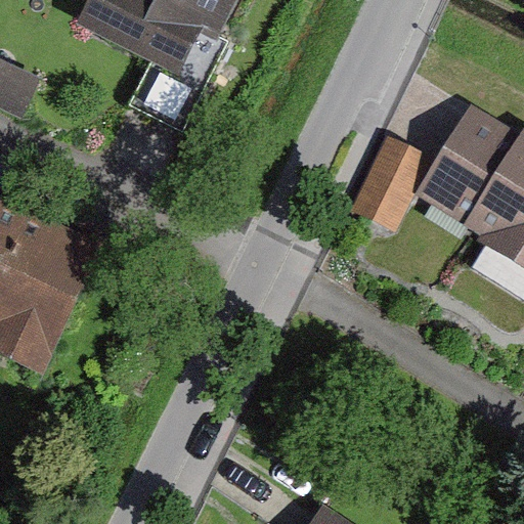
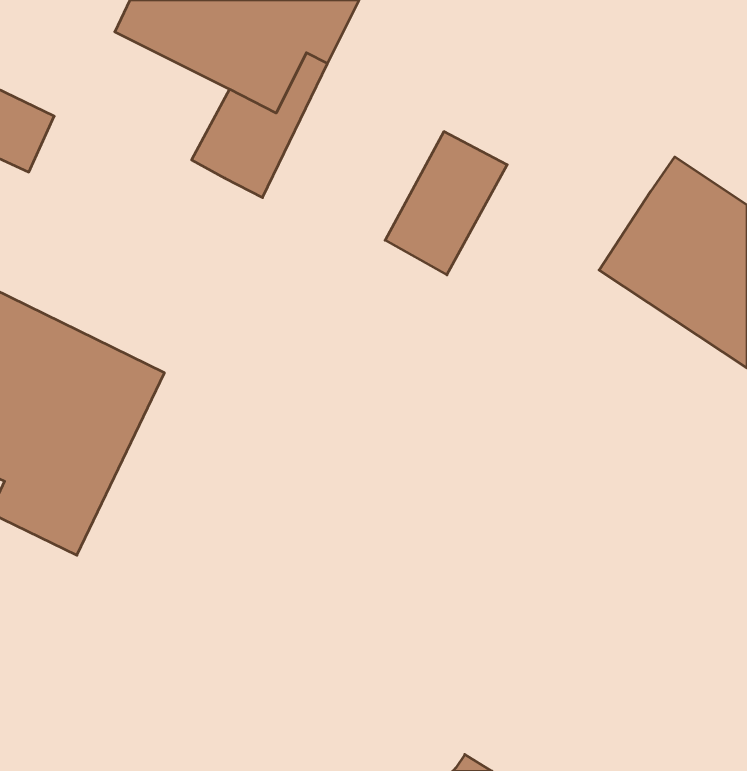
building: [339,126,422,223] -> [385,132,507,275]

